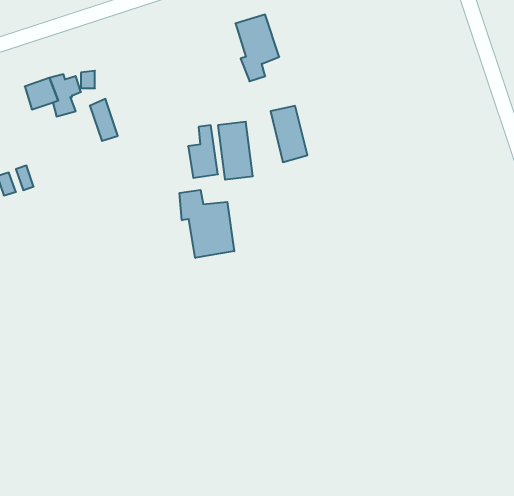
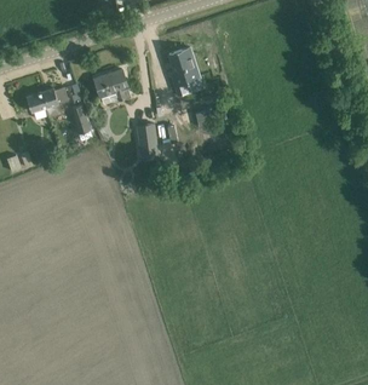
building: none -> [93,69,130,104]
building: [180,190,234,258] -> none

